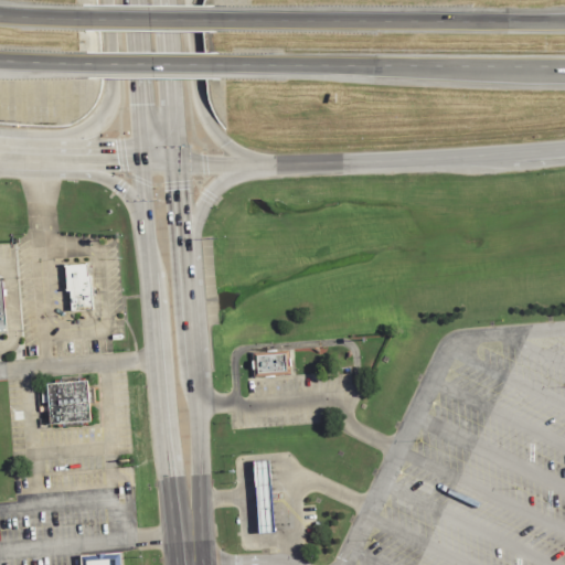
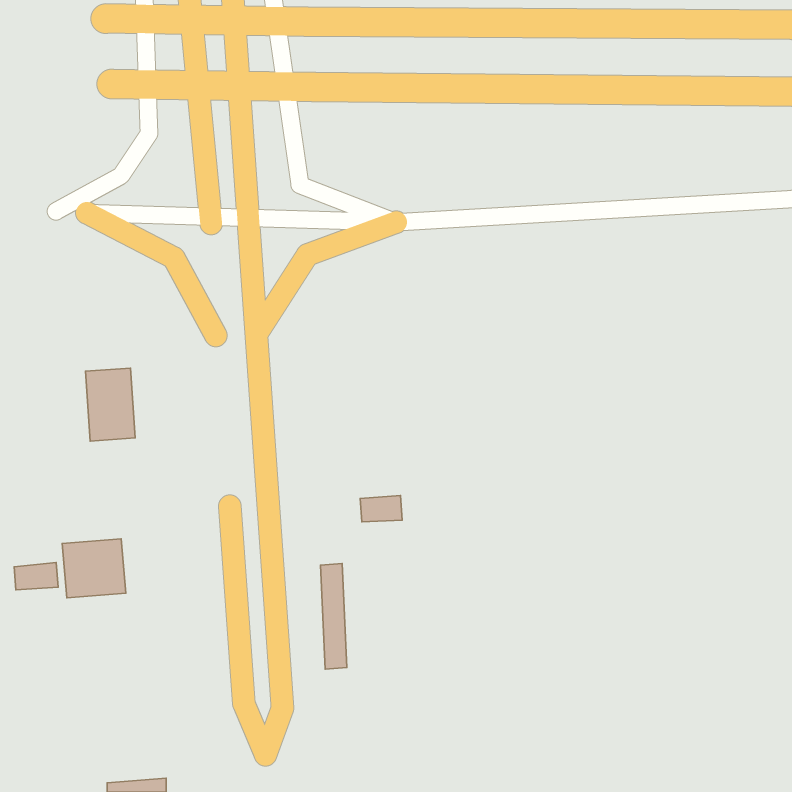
building: none -> [14,563,58,590]
building: [254,459,273,534] -> [320,564,347,669]

